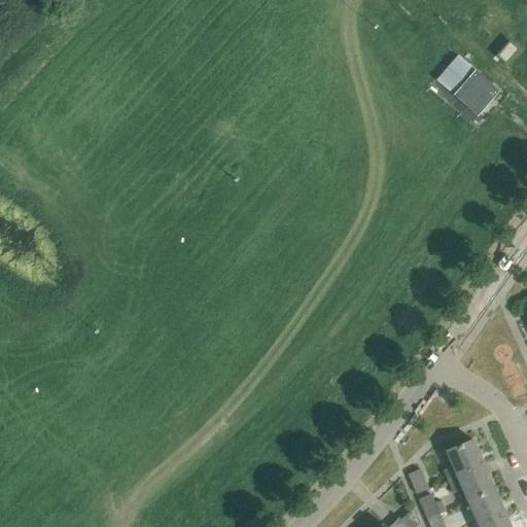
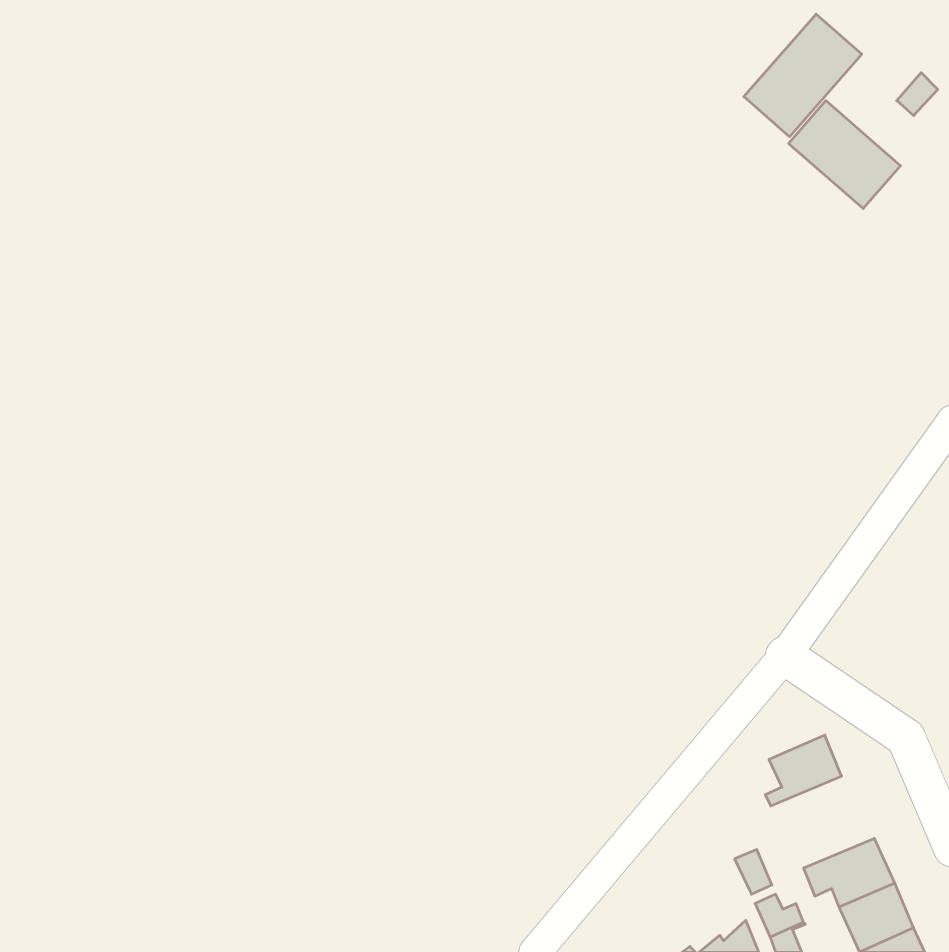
building: none -> [744,14,862,137]
building: [443,441,485,480] -> [765,735,842,806]

